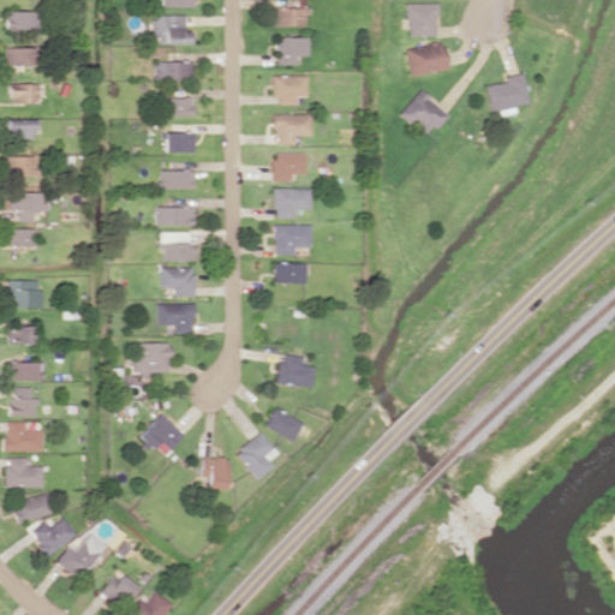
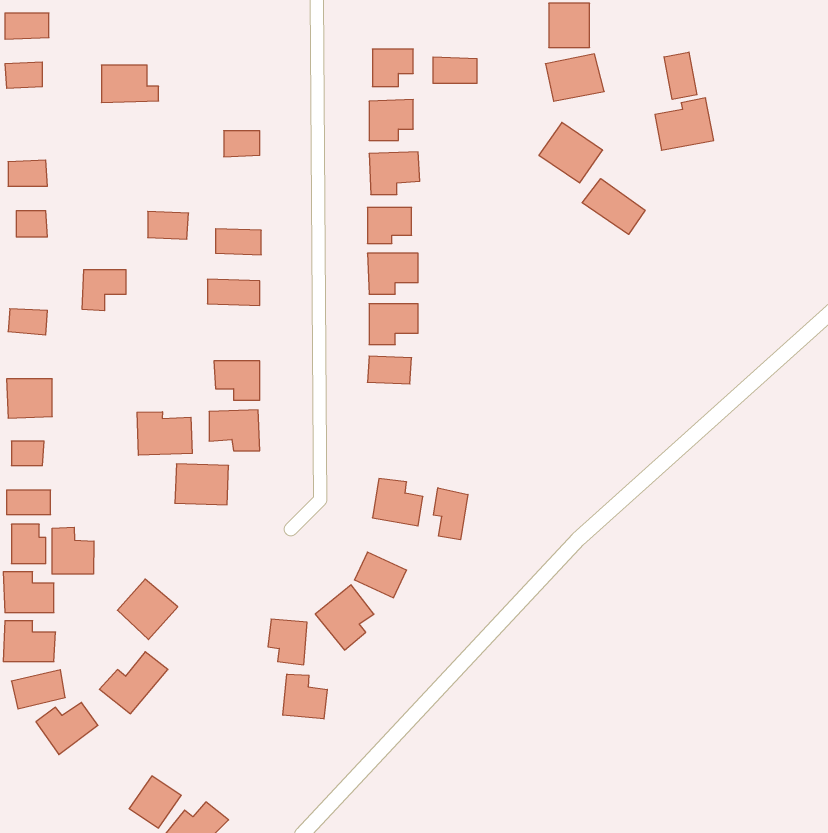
building: [276,7,309,26] -> [433,57,477,83]
building: [155,16,197,43] -> [101,65,159,103]
building: none -> [664,52,697,99]
building: [159,61,196,80] -> none
building: [12,83,42,103] -> none
building: [167,132,197,153] -> [148,211,189,239]
building: none -> [582,179,645,234]
building: [18,192,50,222] -> [82,270,126,311]
building: [163,232,195,261] -> none
building: none -> [137,412,192,455]
building: none -> [433,488,468,540]
building: none -> [52,527,94,574]
building: [142,413,186,458] -> [117,579,178,640]
building: none -> [283,674,327,719]
building: [58,533,108,579] -> [99,652,168,714]

